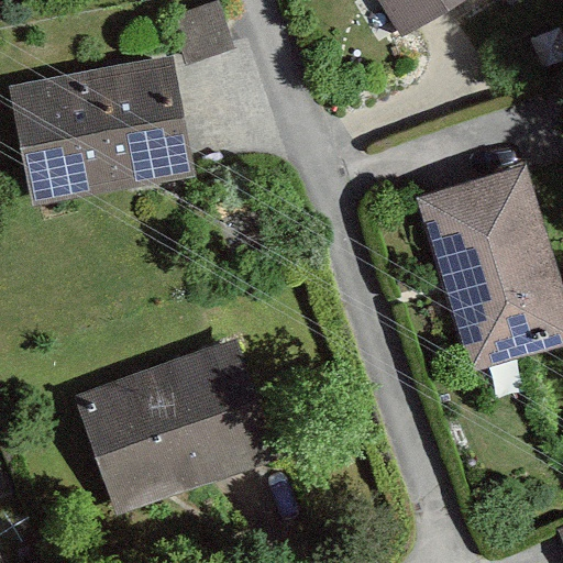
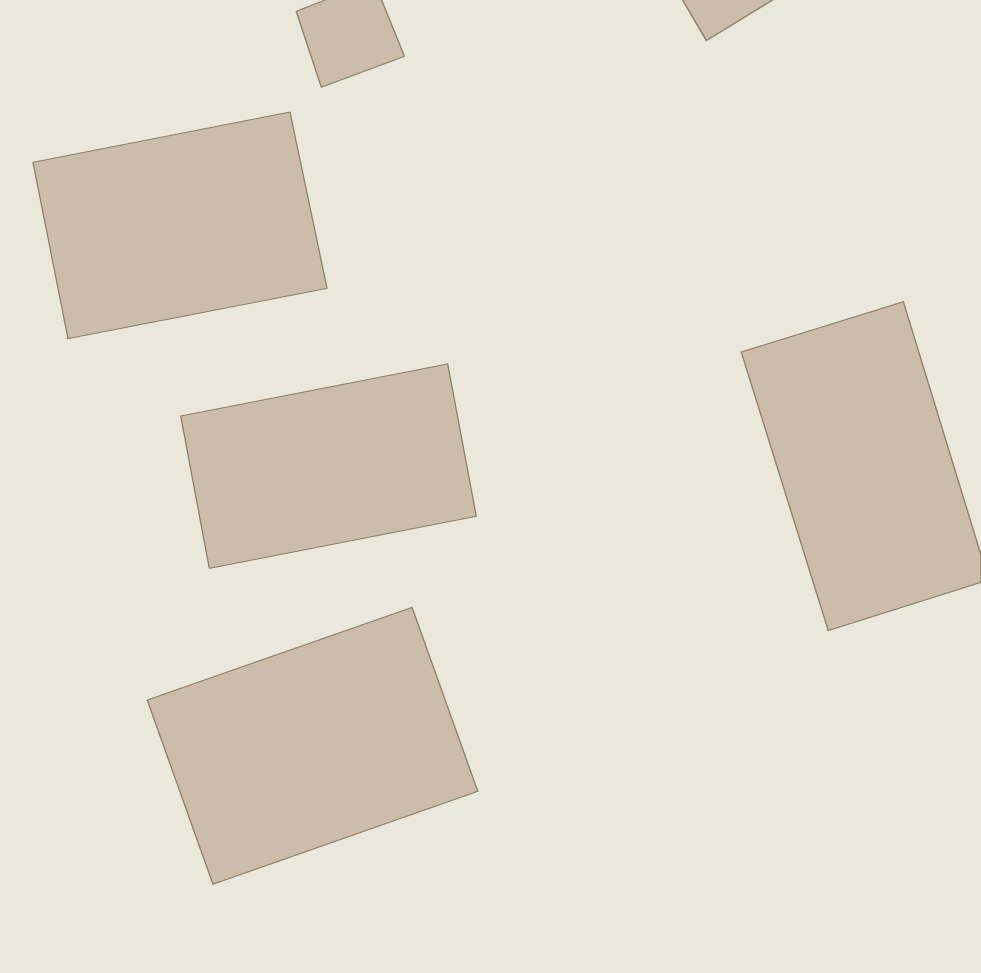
building: none -> [181,364,476,568]

